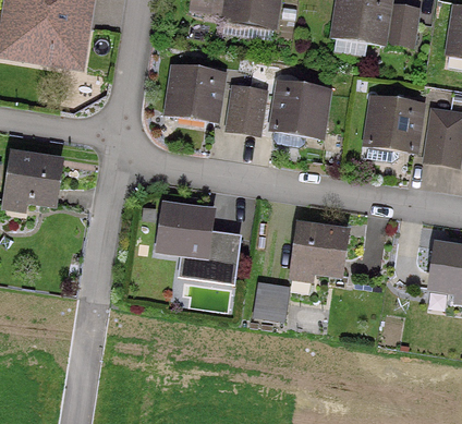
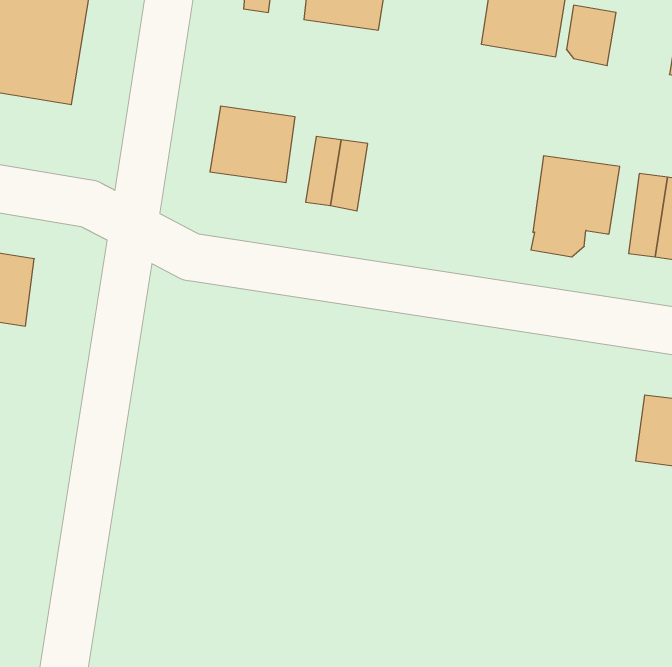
building: [272,84,326,146] -> none
building: [157,205,239,281] -> none
building: [291,225,346,272] -> none
building: [253,282,288,319] -> none

